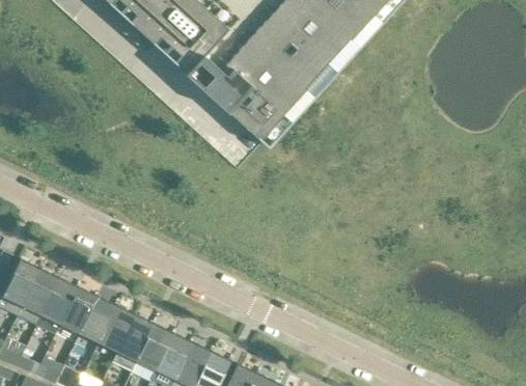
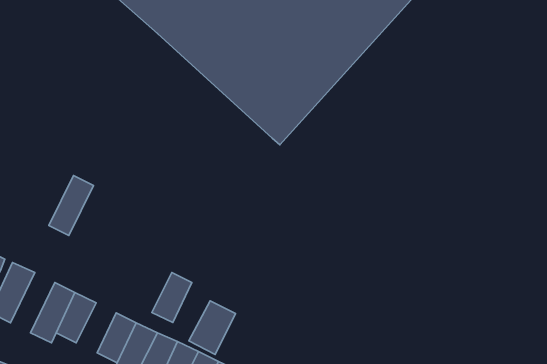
building: [18,268,59,324] -> [49,176,93,236]
building: none -> [189,301,236,355]
building: [79,296,116,342] -> [152,273,192,323]

